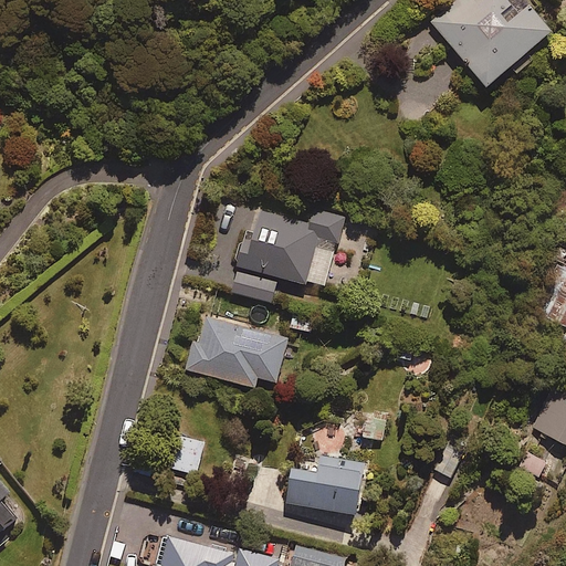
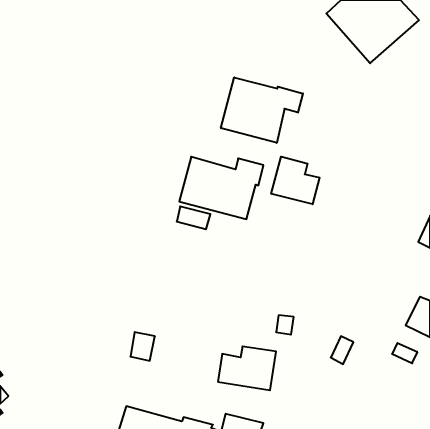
building: none -> [221,77,303,143]
building: none -> [271,157,320,204]
building: [186,317,287,388] -> none

